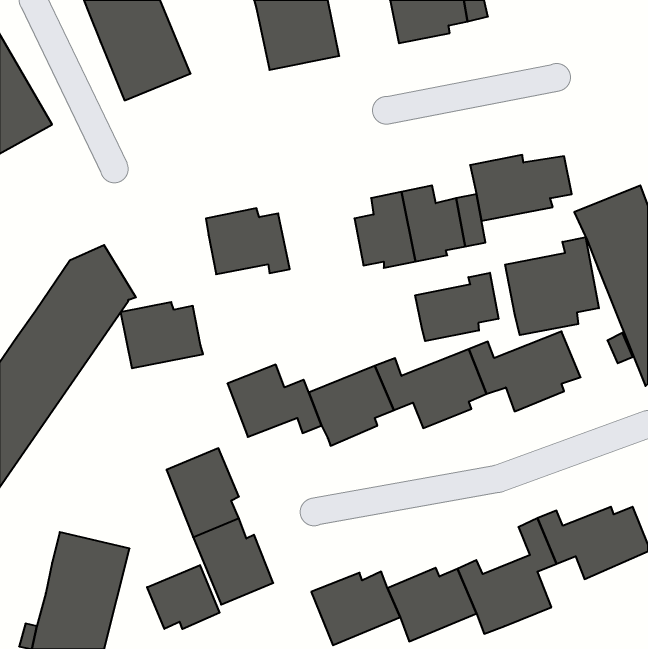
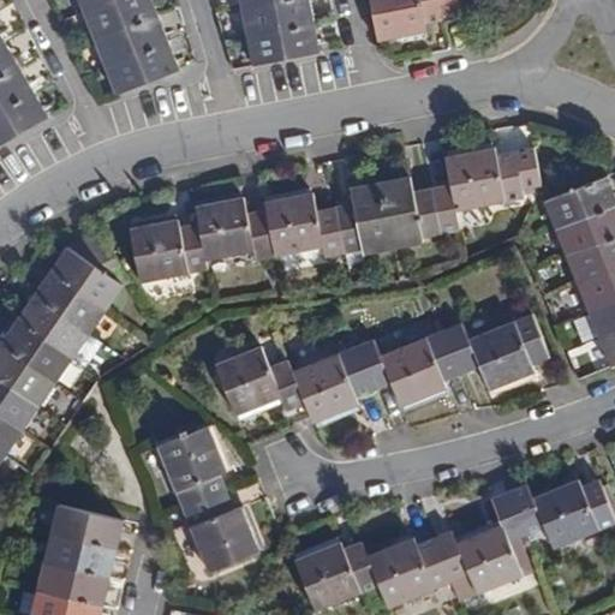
building: none -> [263,192,344,255]
building: [505,237,599,335] -> none
building: [415,273,498,341] -> none
building: [120,302,203,368] -> [129,219,207,281]
building: [147,565,220,629] -> none

